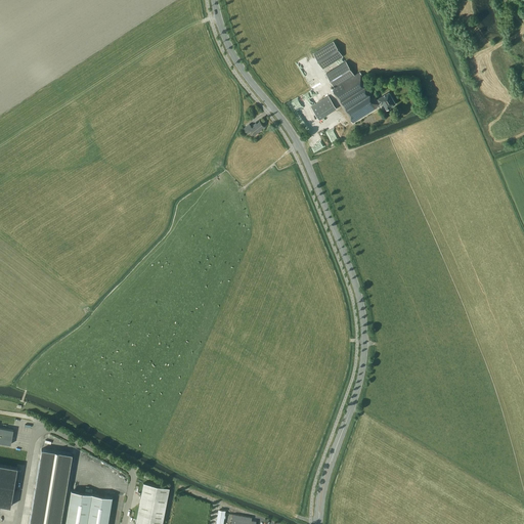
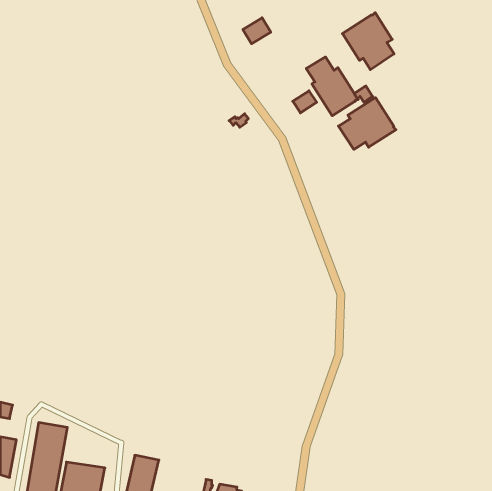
building: none -> [342,13,394,70]
building: [313,43,343,71] -> [243,18,271,44]
building: none -> [338,98,396,149]

